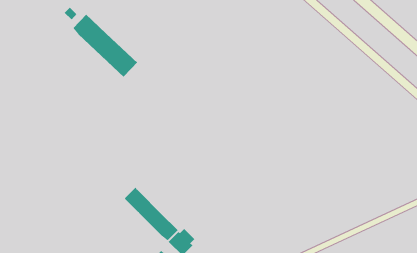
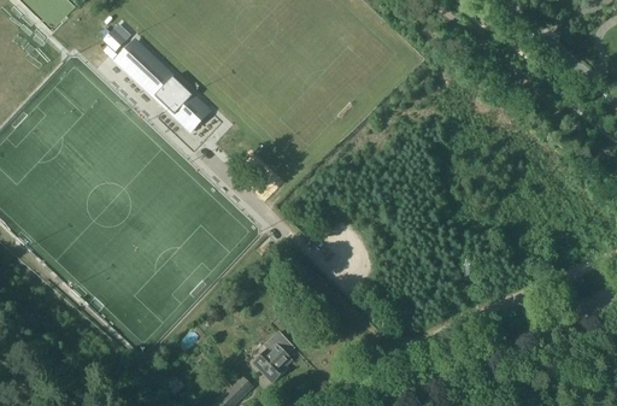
building: [124,187,179,241] -> none

